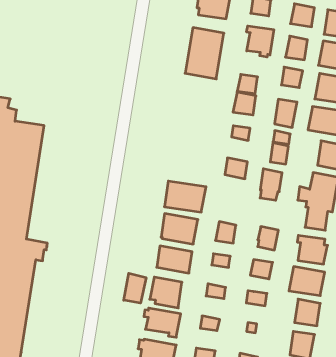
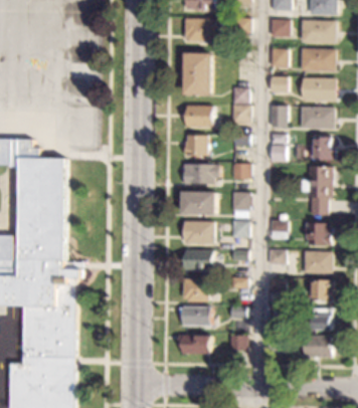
building: [247,26,274,57] -> none
building: none -> [186,106,213,128]
building: none -> [185,135,207,156]
building: none -> [184,165,220,184]
building: [260,169,282,200] -> [232,192,249,218]
building: [124,273,146,303] -> none

